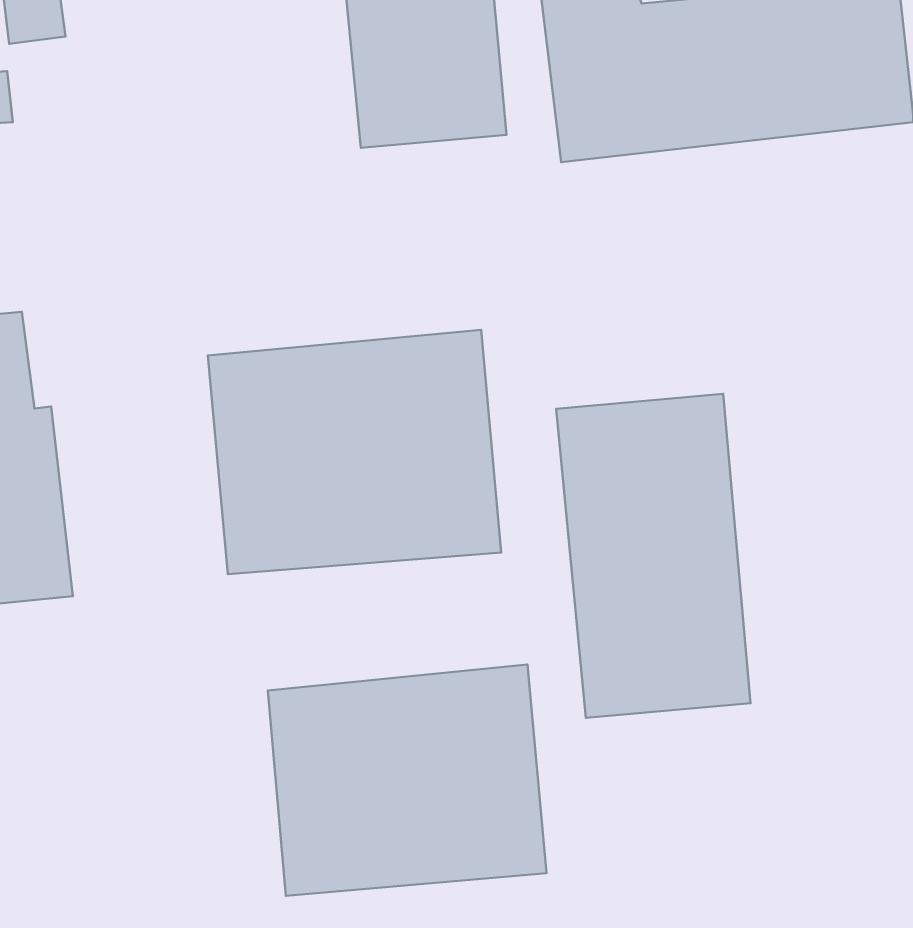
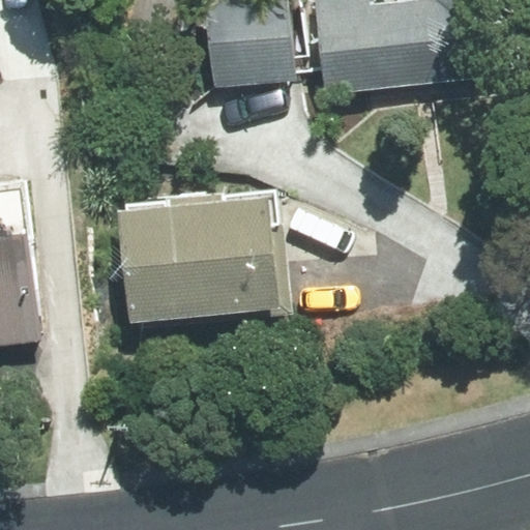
building: [556,394,751,718] -> none
building: [268,664,546,896] -> none

